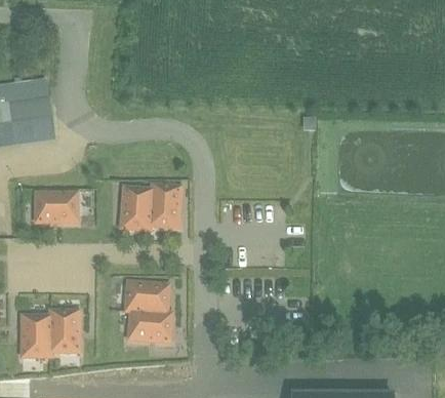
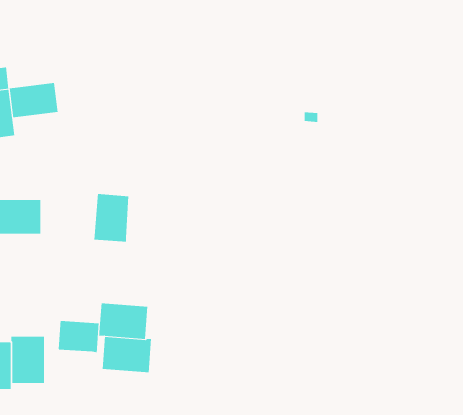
building: none -> [9,82,58,118]
building: [150,185,181,228] -> none
building: none -> [58,320,99,353]

